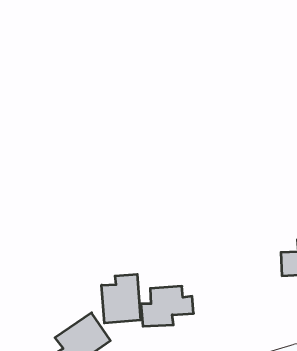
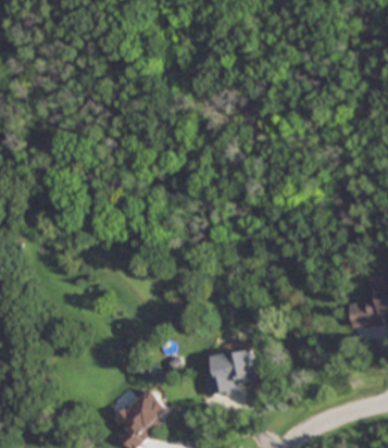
building: [102,274,140,323] -> none

